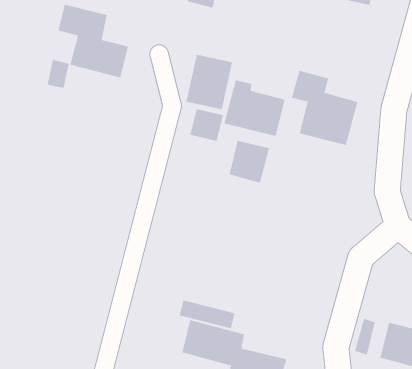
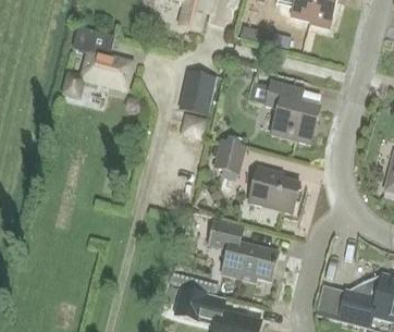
building: [223,80,285,137] -> [248,165,299,212]
building: none -> [208,220,279,281]

